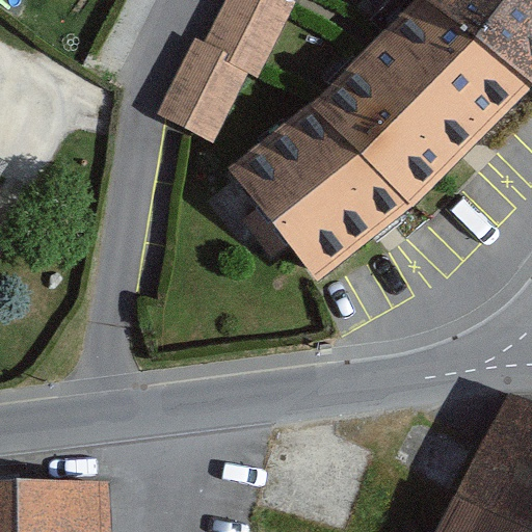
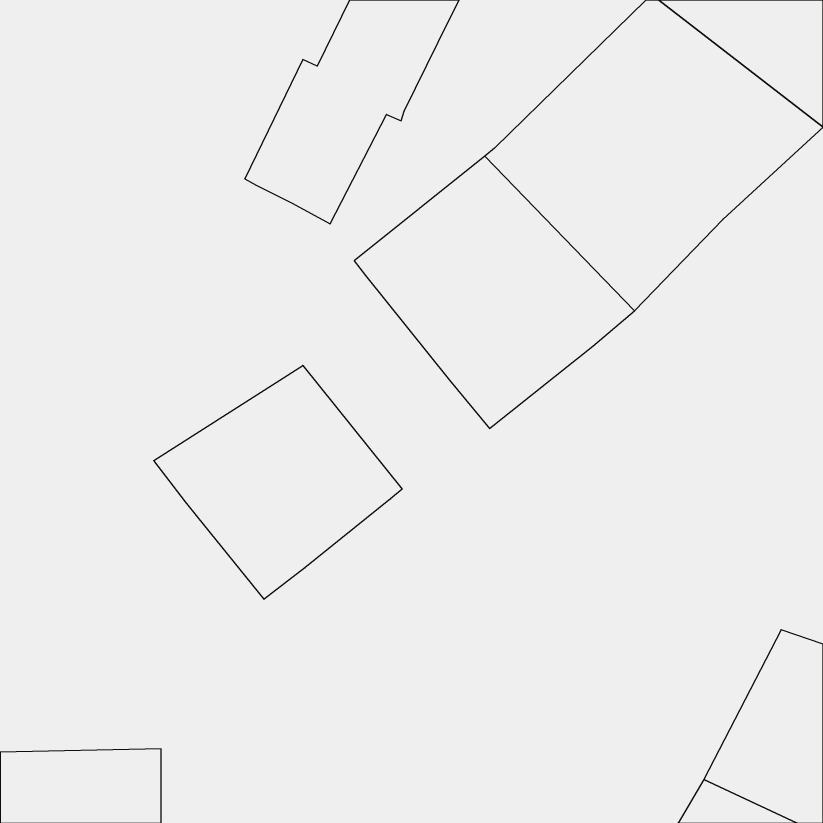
building: none -> [154,365,402,599]

